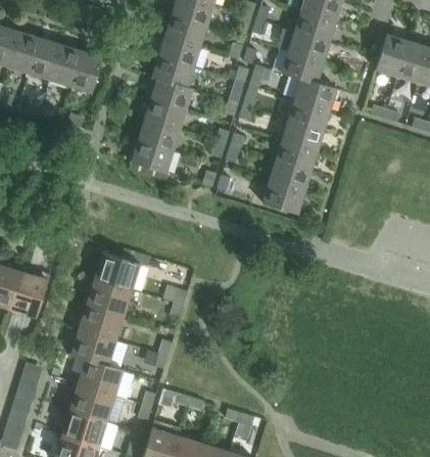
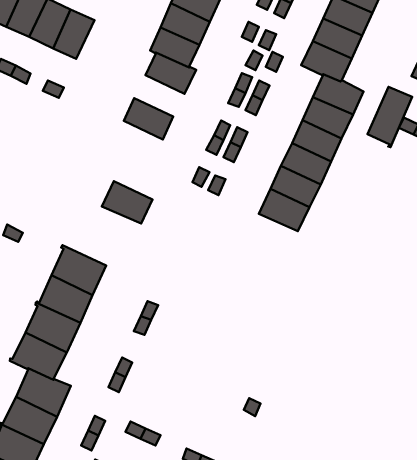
building: none -> [368,87,412,147]
building: [144,99,186,131] -> none
building: [131,140,173,173] -> [102,181,153,224]

